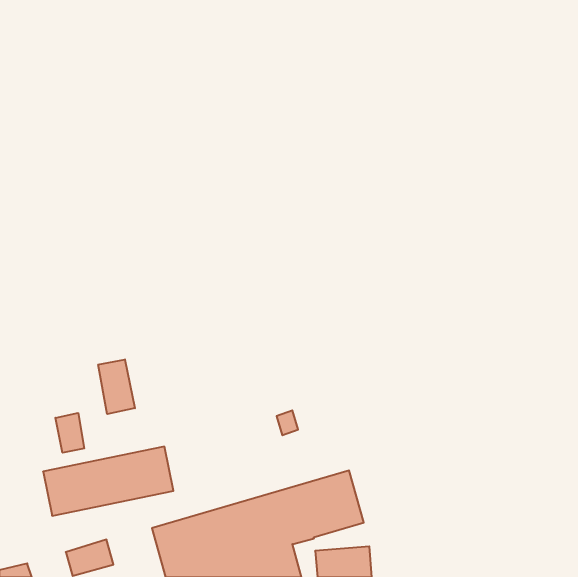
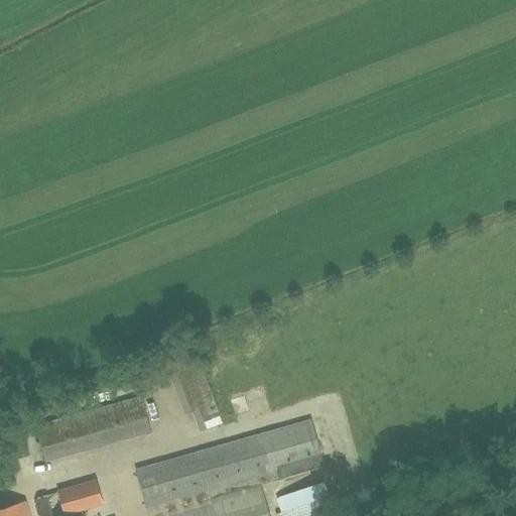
building: [98,359,135,414] -> none
building: [55,413,84,453] -> none

